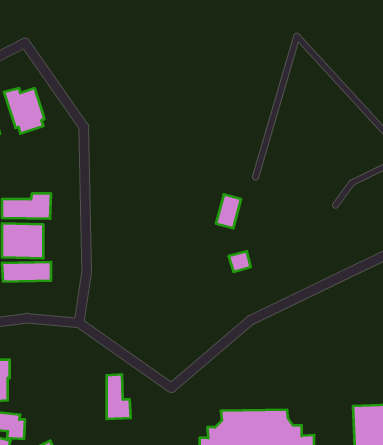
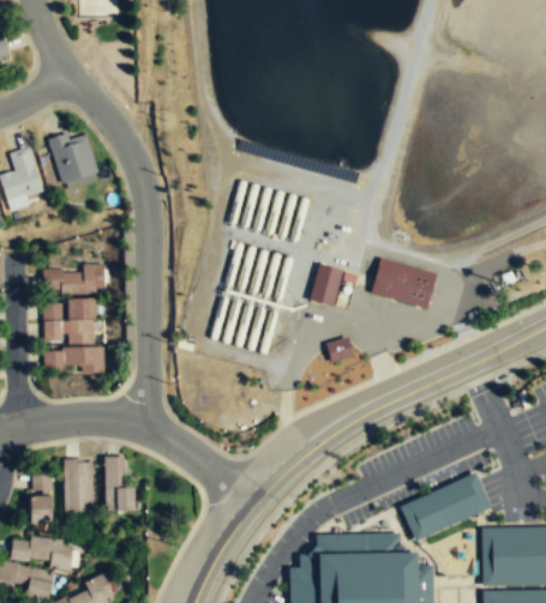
building: none -> [371,260,437,308]
building: none -> [64,457,94,509]
building: none -> [401,472,491,541]
building: [107,374,131,419] -> [106,453,136,508]

